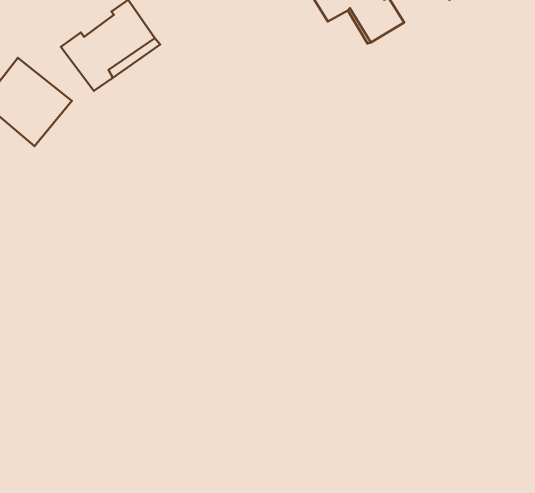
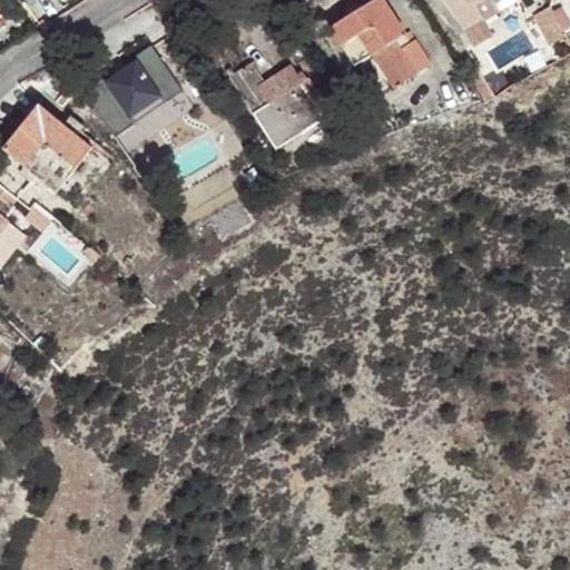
building: none -> [230,63,324,146]

